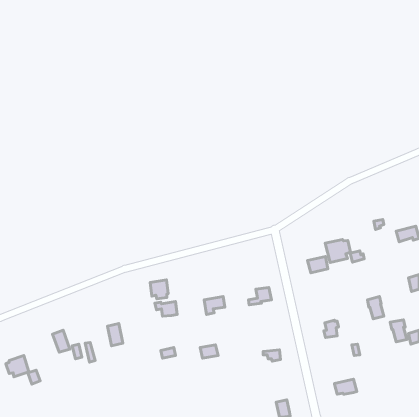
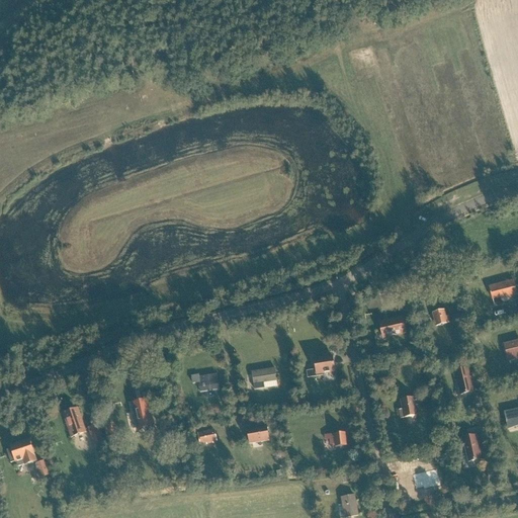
building: [325,239,350,262] -> none
building: [150,280,168,299] -> none
building: [390,320,407,342] -> [461,434,482,461]

